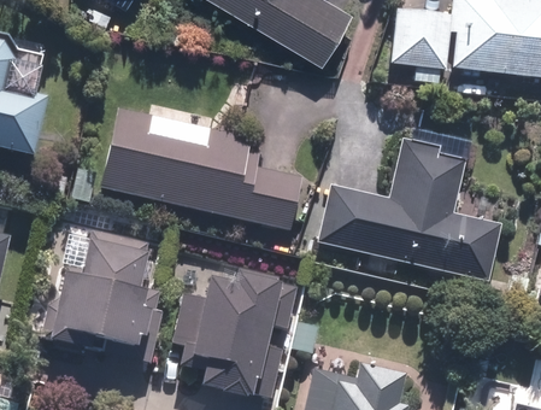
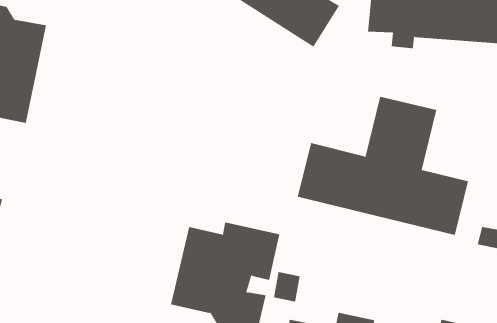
building: [102,110,304,232] -> none
building: [43,227,165,355] -> none

